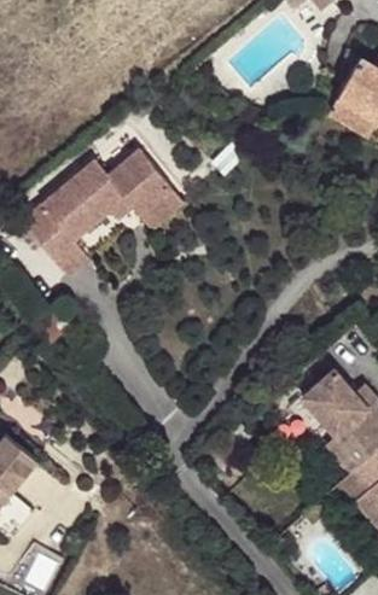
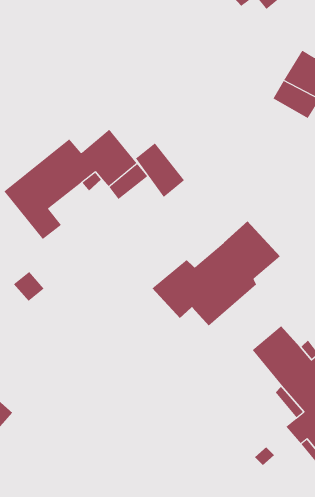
building: none -> [135,142,185,198]
building: none -> [151,221,281,326]

